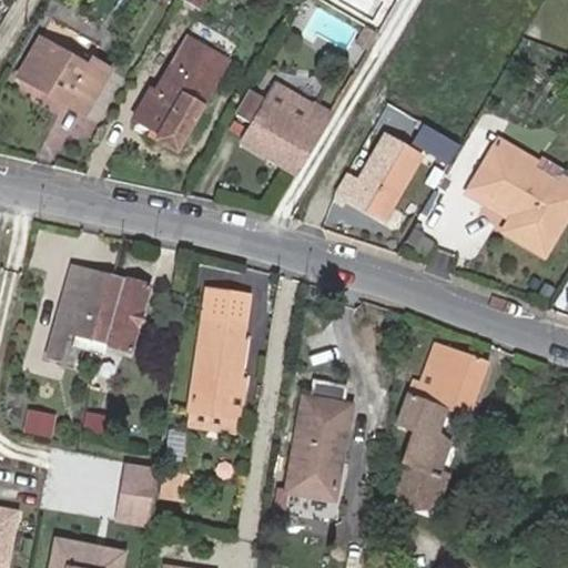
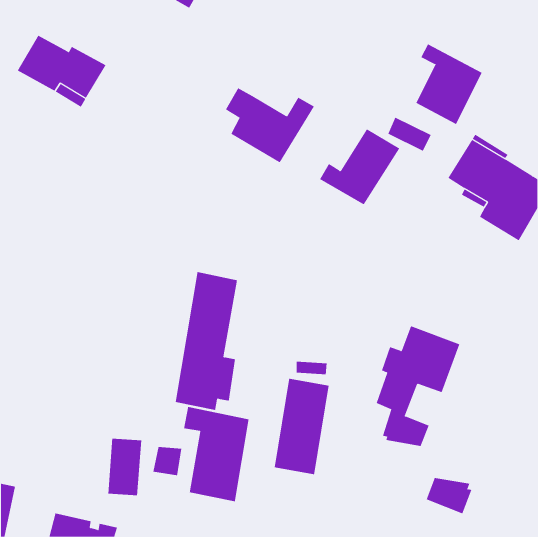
building: [134,34,229,149] -> none
building: none -> [415,43,482,125]
building: [266,81,314,122] -> none
building: [44,265,149,374] -> none
building: none -> [184,406,249,502]
building: [397,464,446,503] -> [426,477,472,514]

